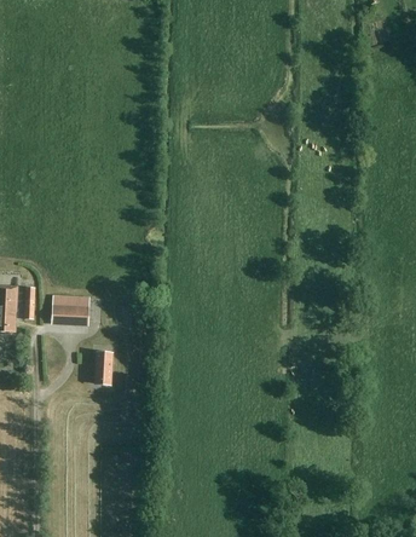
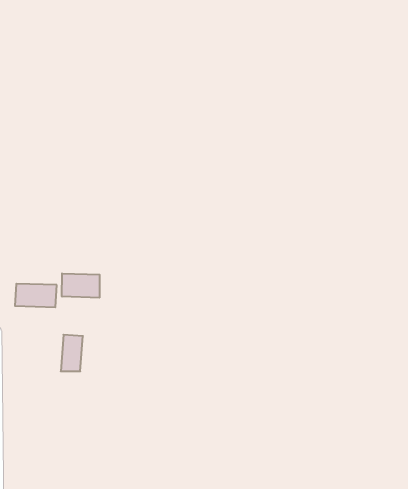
building: none -> [62,273,100,298]

